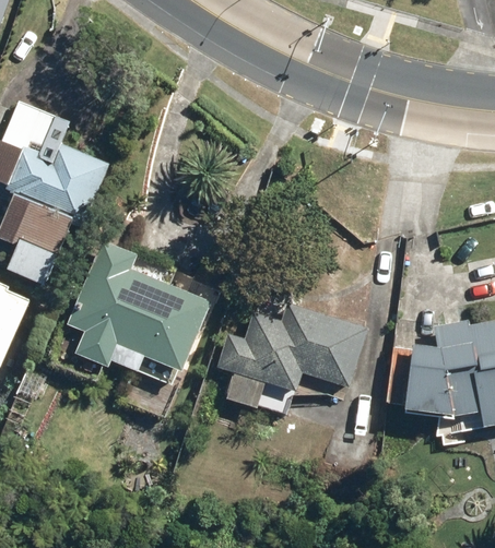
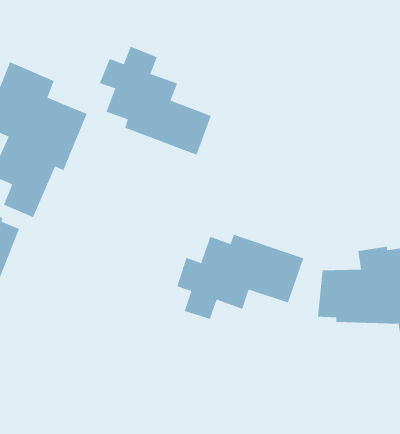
building: none -> [99,46,212,155]
building: [70,242,211,373] -> none

